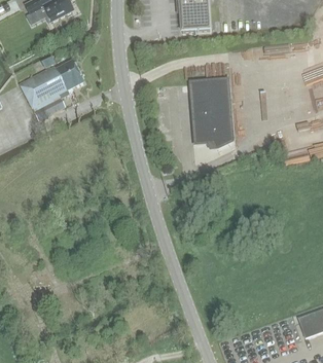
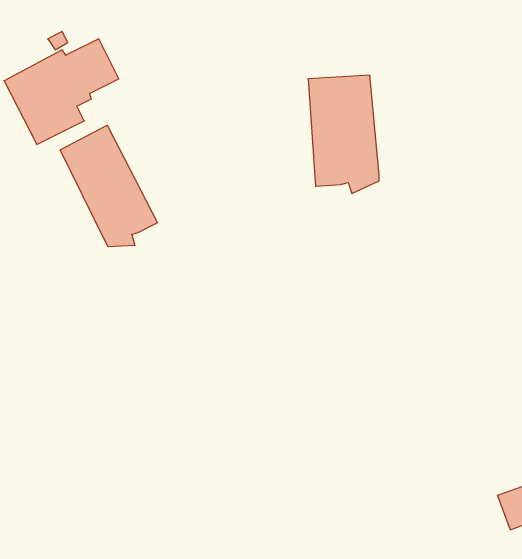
building: none -> [60,125,157,247]

